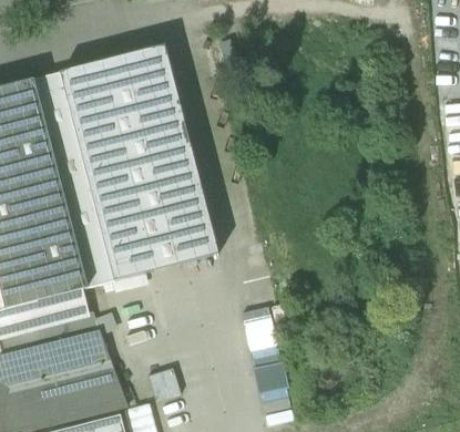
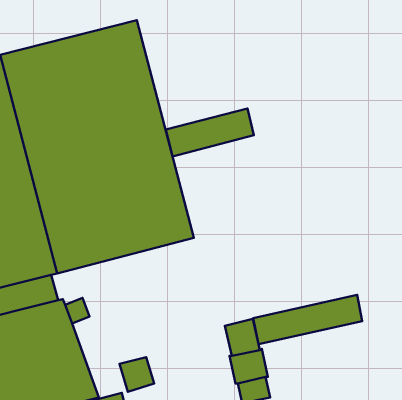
building: none -> [166,108,254,156]
building: none -> [253,295,362,344]

